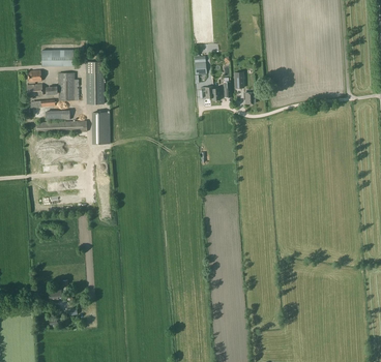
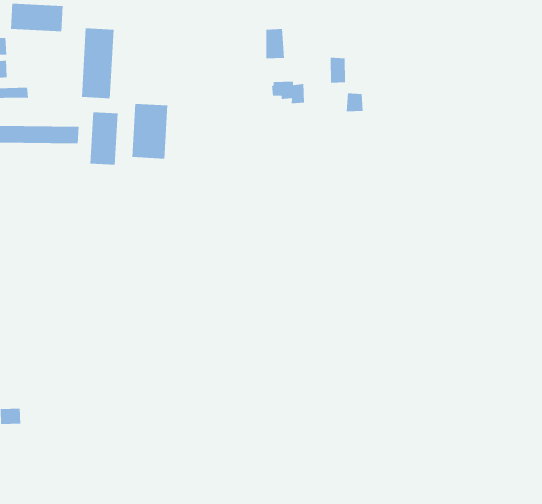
building: [59,71,79,99] -> none
building: none -> [132,103,168,159]

